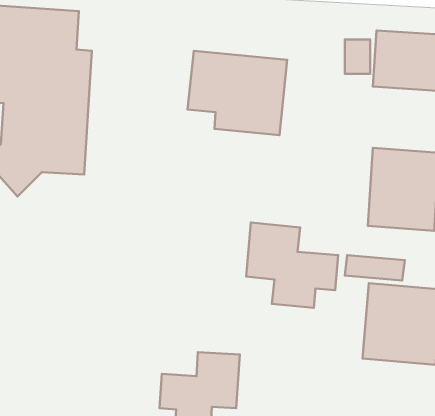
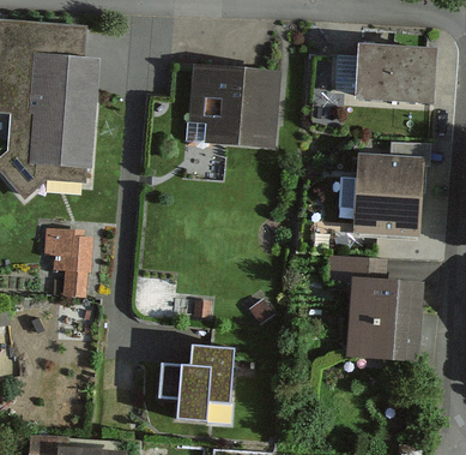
building: [246,223,338,308] -> none
building: none -> [49,231,87,292]

